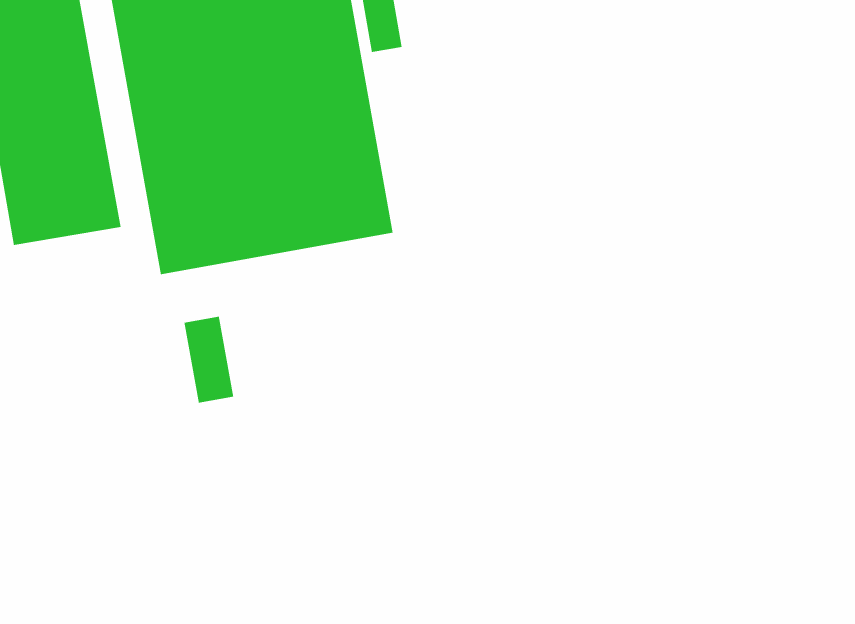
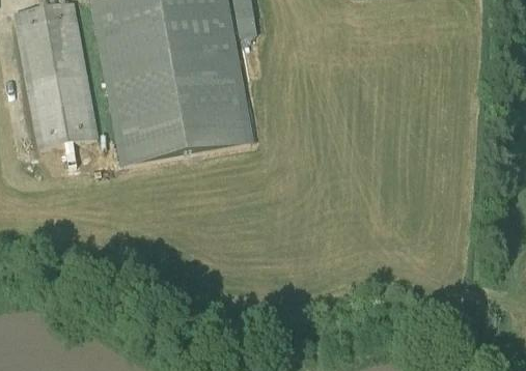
building: [184,316,234,403] -> none

